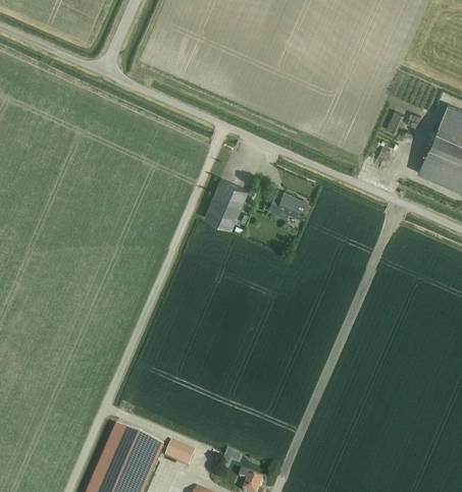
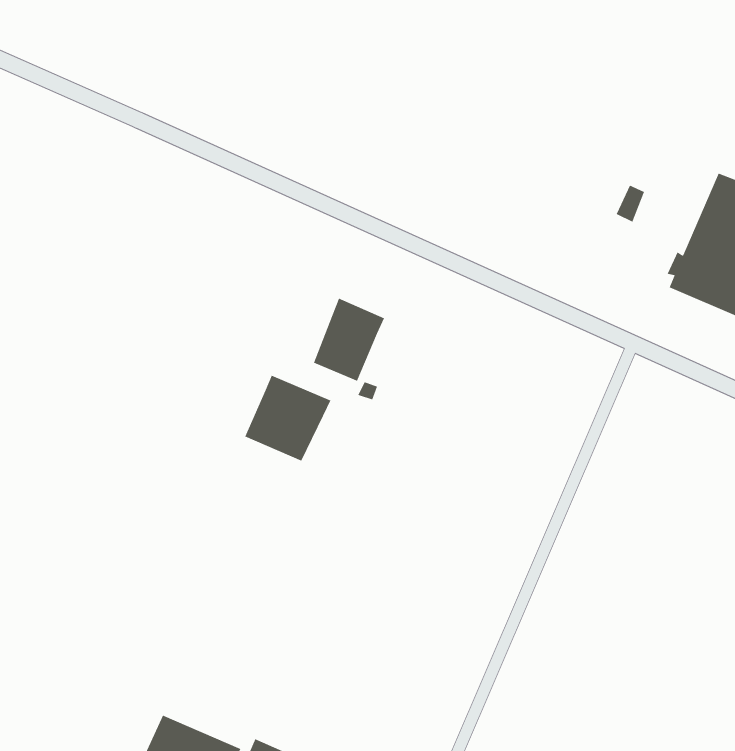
building: [269,193,308,219] -> none
building: none -> [245,375,331,462]

